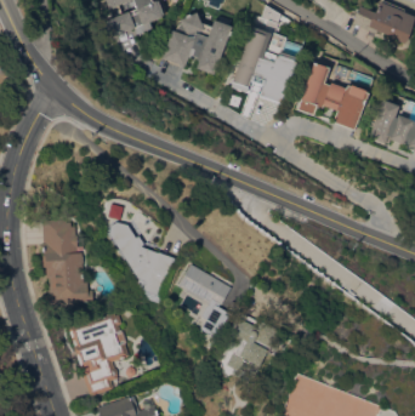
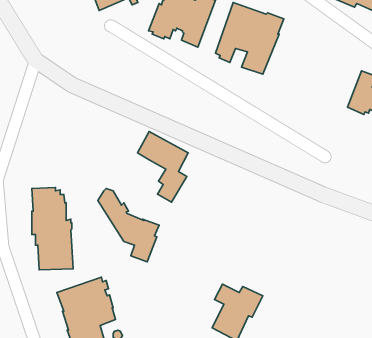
building: [297,62,374,131] -> none
building: [178,264,231,337] -> [137,132,188,202]

